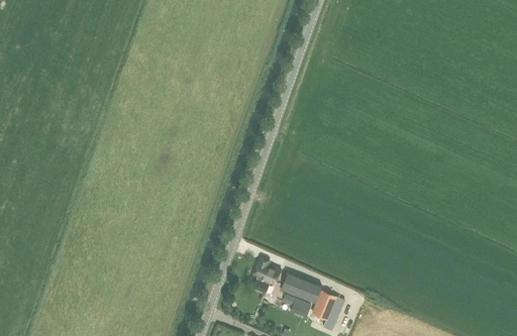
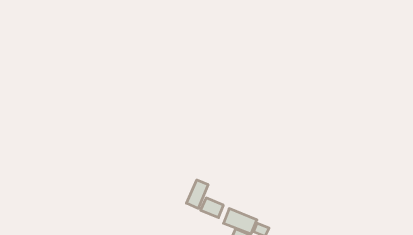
building: none -> [186,180,208,208]

